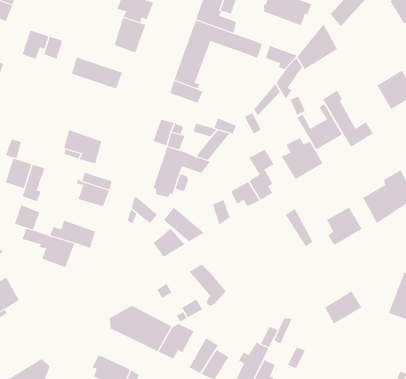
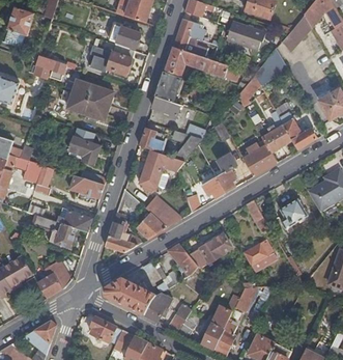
building: none -> [90,46,113,72]
building: none -> [68,91,110,118]
building: none -> [106,212,141,252]
building: none -> [188,233,231,266]
building: none -> [38,258,73,297]
building: [324,291,362,324] -> [244,239,274,266]

